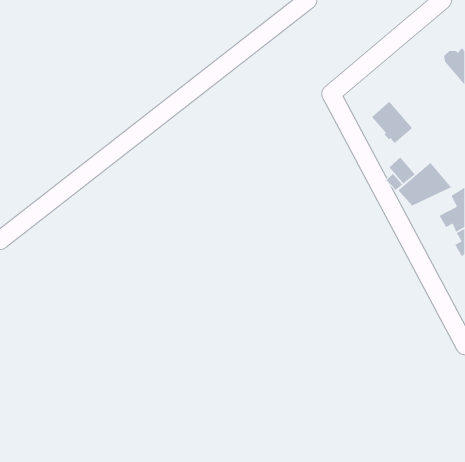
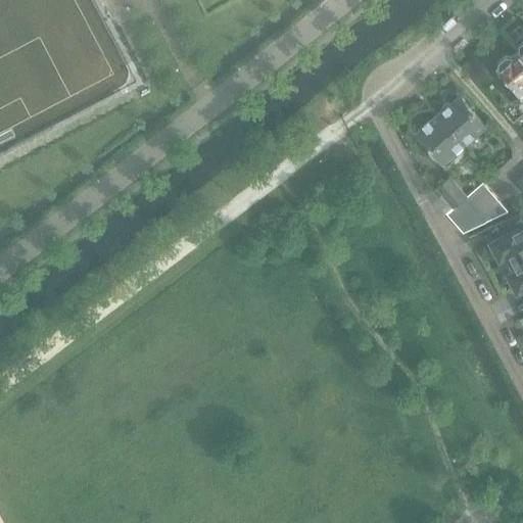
building: none -> [437,98,485,147]

